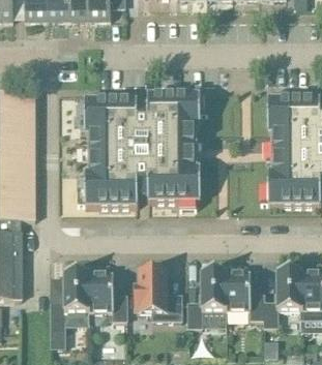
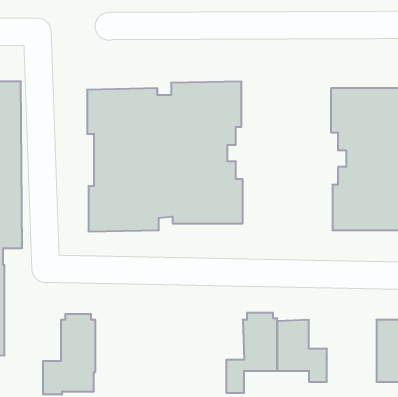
building: [264,267,302,327] -> none
building: [137,268,181,321] -> none
building: [90,274,127,321] -> none

